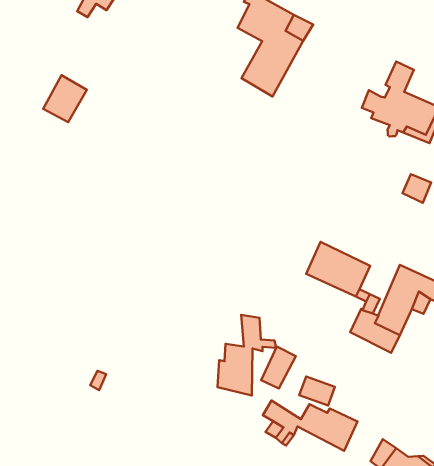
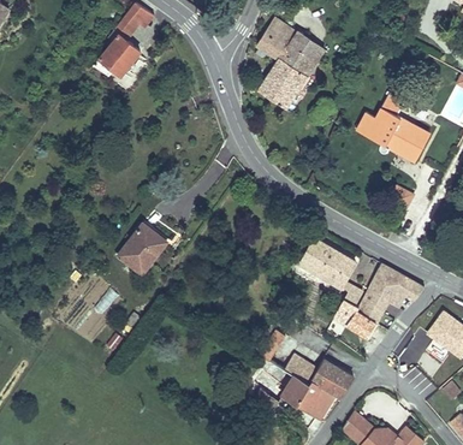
building: [43,75,87,122] -> [102,34,141,75]
building: none -> [125,229,168,273]
building: [218,315,276,396] -> none
building: none -> [310,360,352,398]

